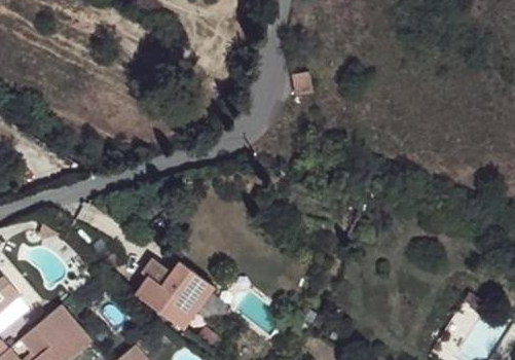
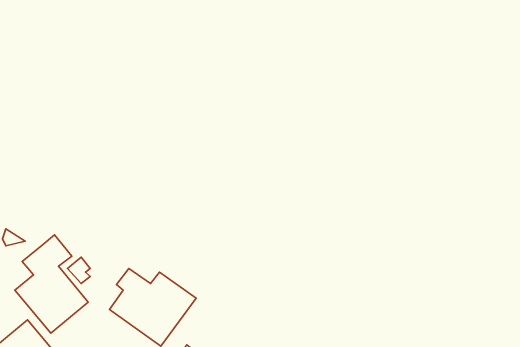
building: none -> [15,235,88,333]

